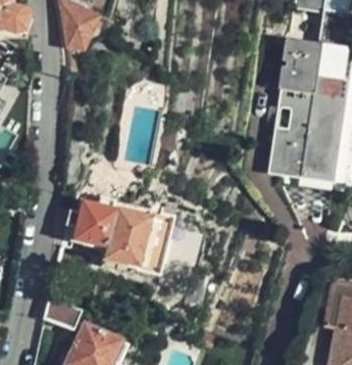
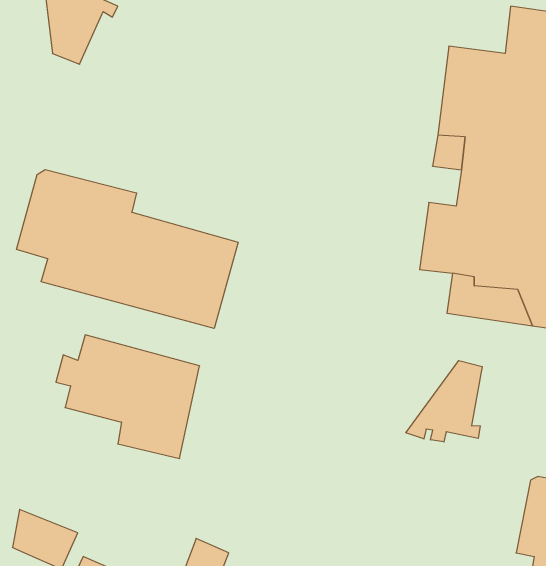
building: none -> [17,170,238,328]
building: none -> [406,361,482,442]

